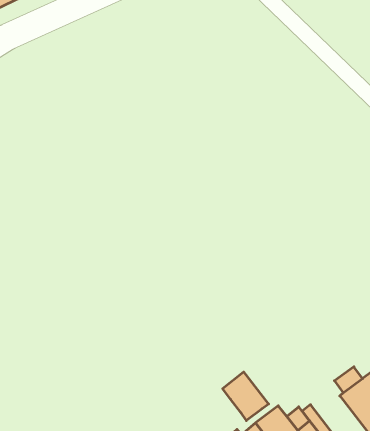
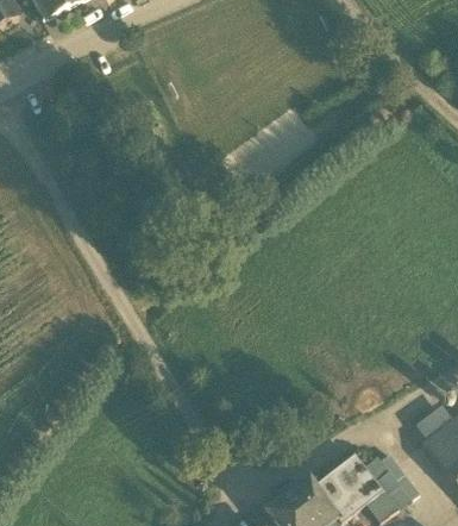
building: [223,372,269,421] -> none

